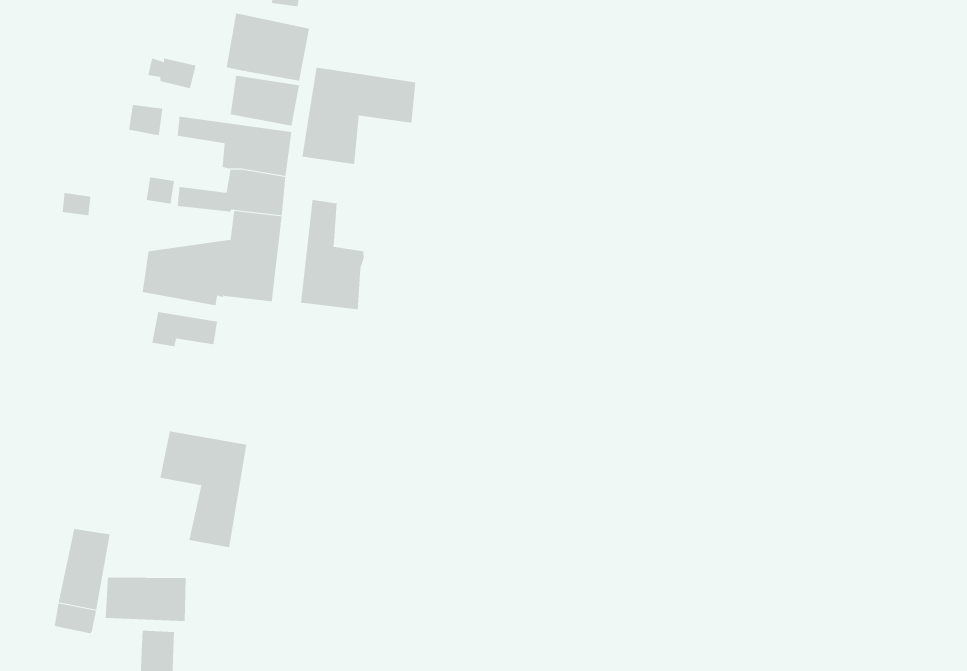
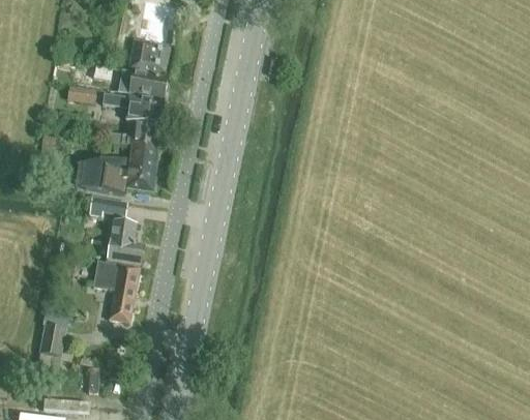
building: [302,67,416,165] -> none
building: [300,199,364,310] -> none
building: none -> [107,219,143,263]
building: [105,577,186,622] -> none

